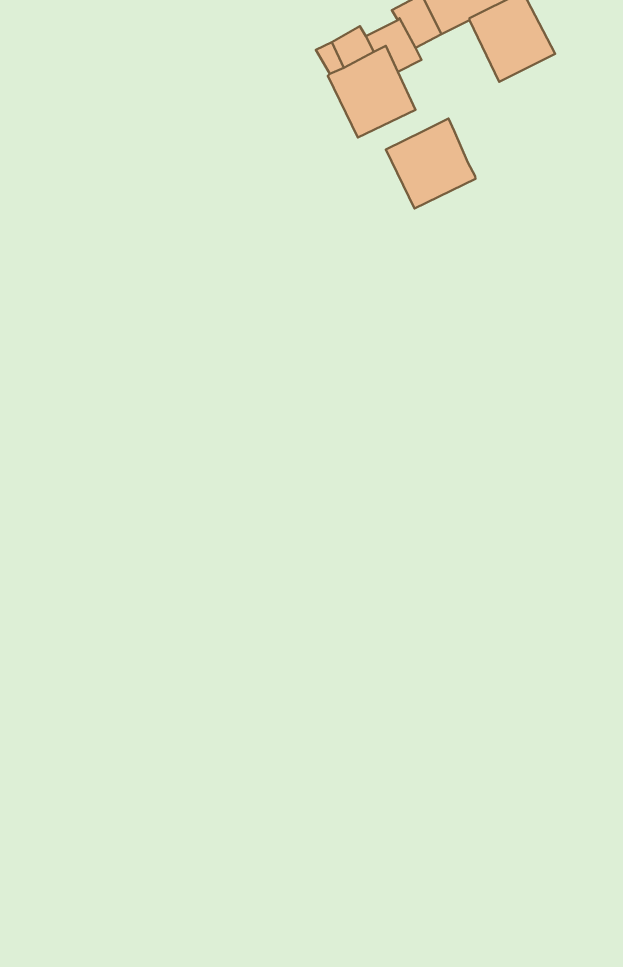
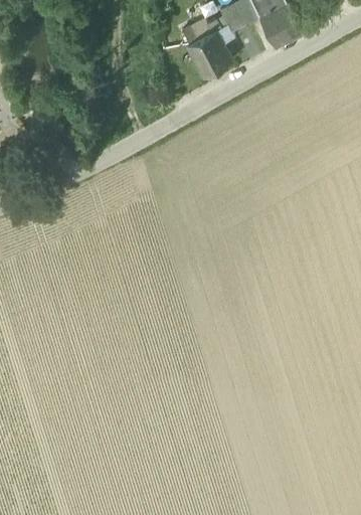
building: [386,118,476,208] -> none

